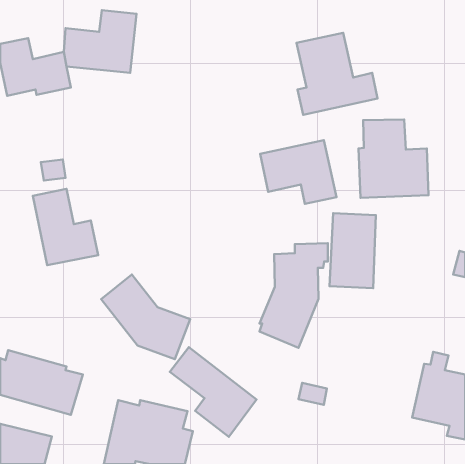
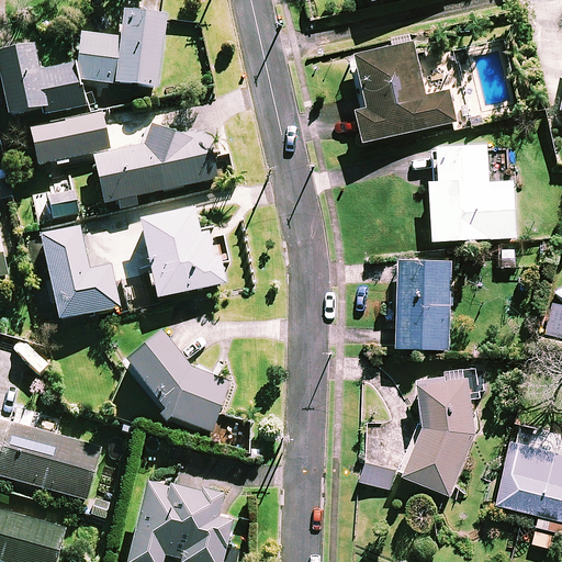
building: none -> [29,111,216,209]
building: [260,140,337,204] -> none
building: none -> [139,210,229,299]
building: [259,243,328,348] -> [403,367,485,493]
building: [170,347,257,437] -> none

